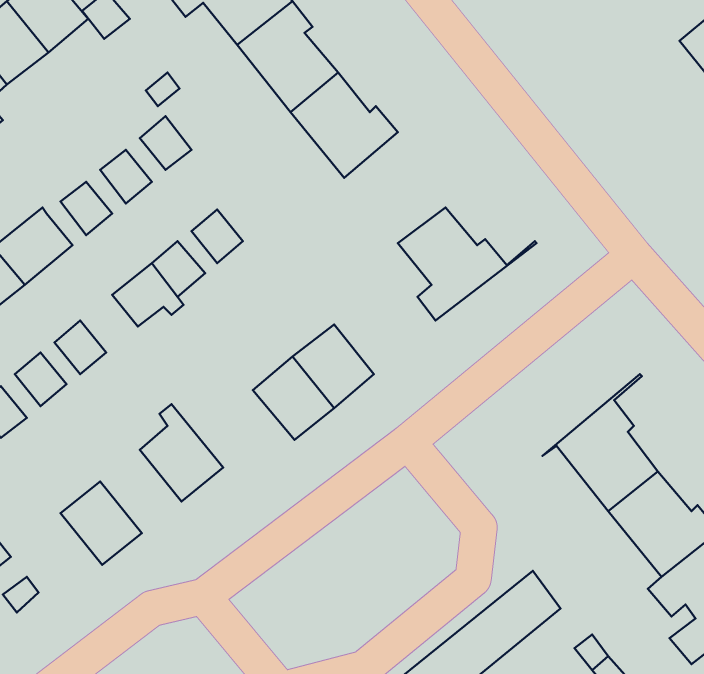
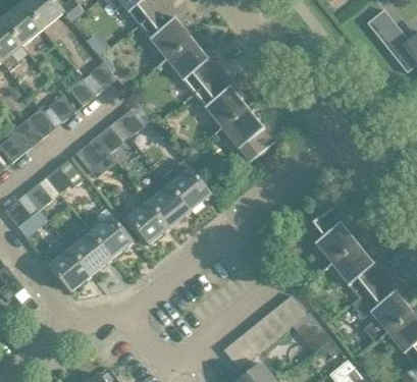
building: none -> [196,69,248,126]
building: none -> [128,202,170,244]
building: none -> [70,227,112,275]

